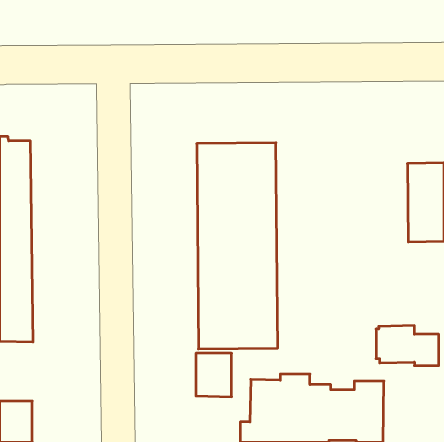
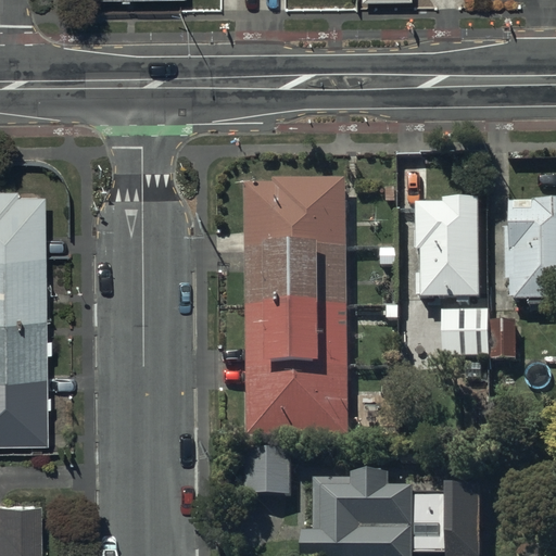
building: none -> [417,198,478,298]
building: [376,326,439,366] -> [441,309,519,359]

